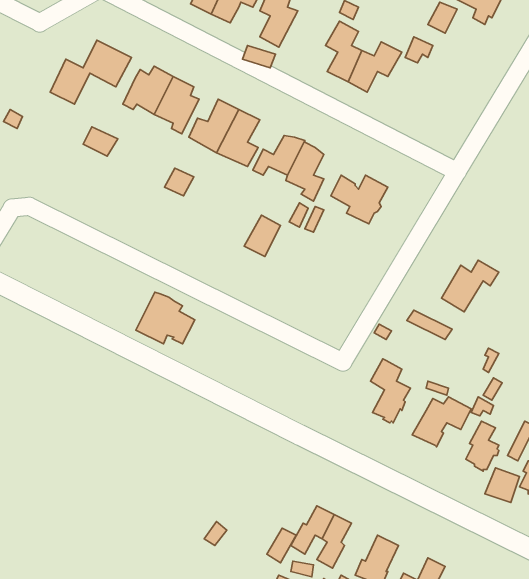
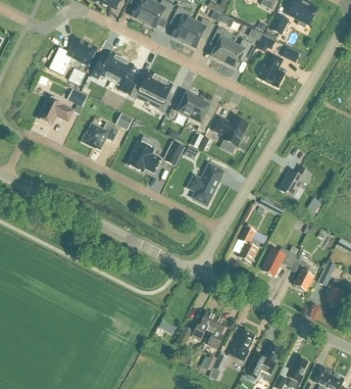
building: none -> [183,17,214,47]
building: none -> [257,53,286,88]
building: none -> [38,96,73,124]
building: none -> [81,121,118,149]
building: none -> [188,162,223,204]
building: [136,292,195,344] -> [127,140,161,171]

